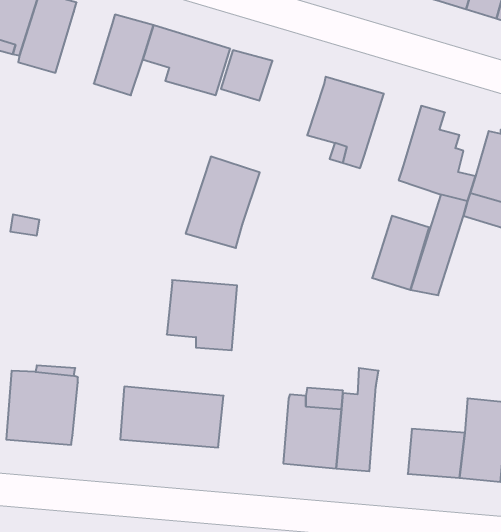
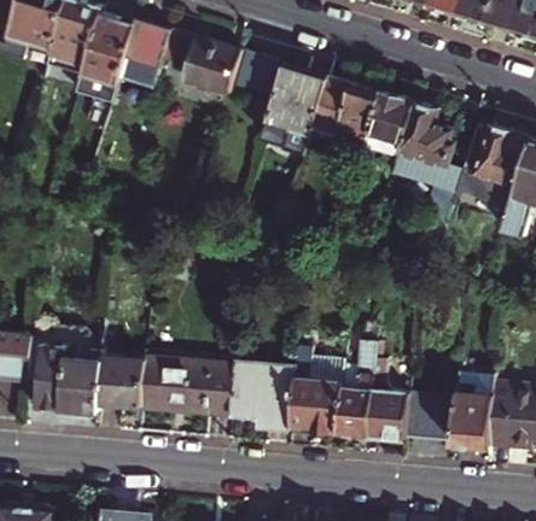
building: none -> [75,16,133,103]
building: [186,157,260,248] -> [258,66,326,150]
building: [372,216,429,290] -> [362,90,414,158]
building: [167,280,237,350] -> [229,363,293,427]
building: none -> [97,353,144,405]
building: none -> [367,357,407,437]

